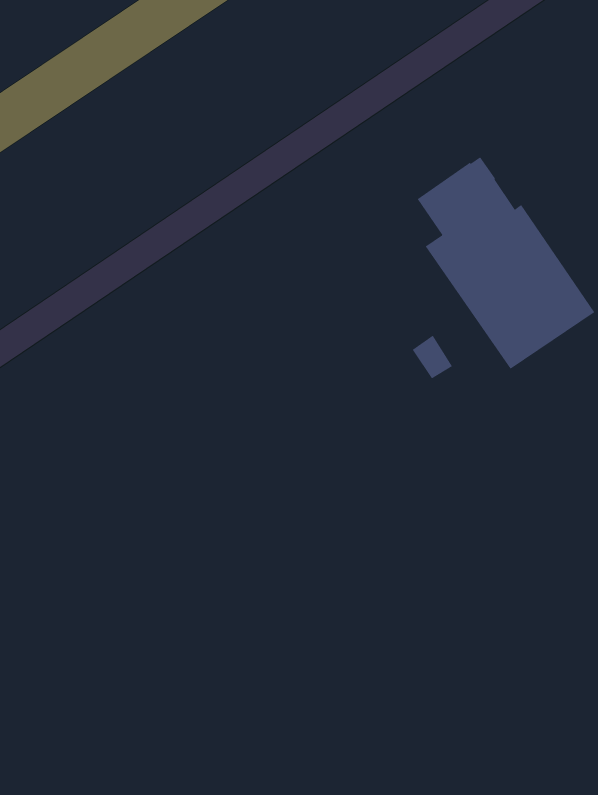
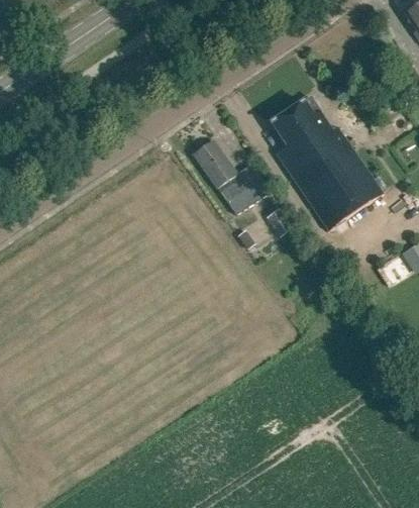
building: none -> [195,140,271,214]

